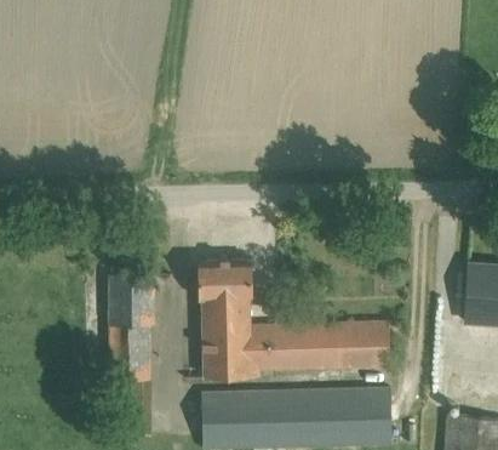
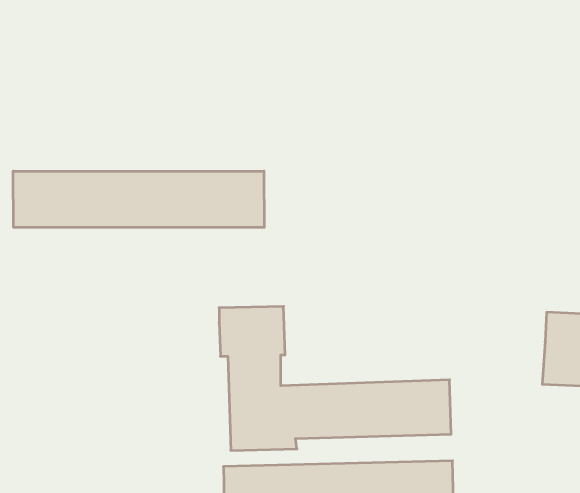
building: none -> [13,171,264,227]
building: [109,274,154,381] -> none

